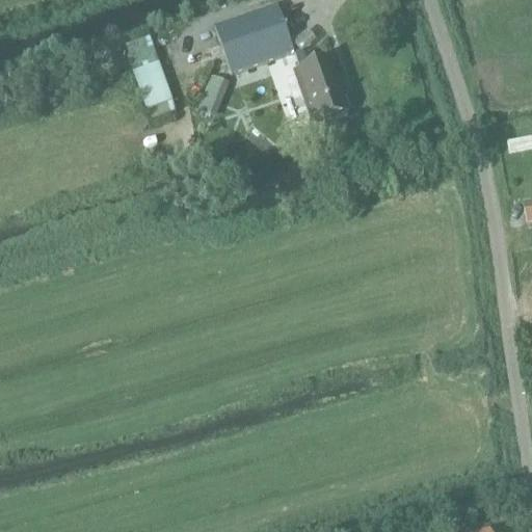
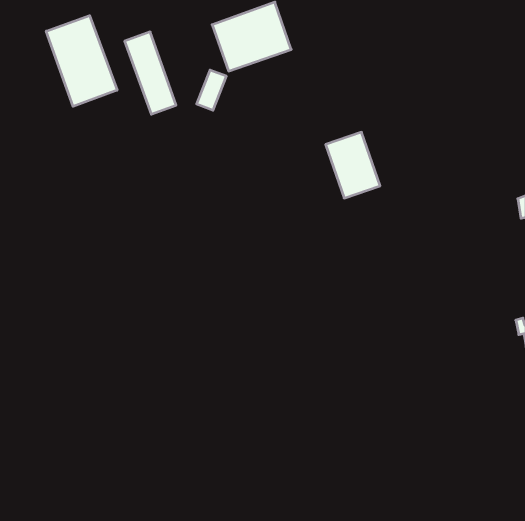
building: none -> [46,16,117,106]
building: [294,55,349,122] -> [326,132,380,198]

